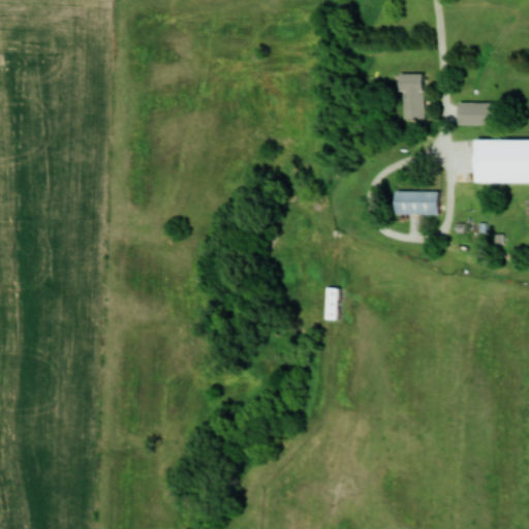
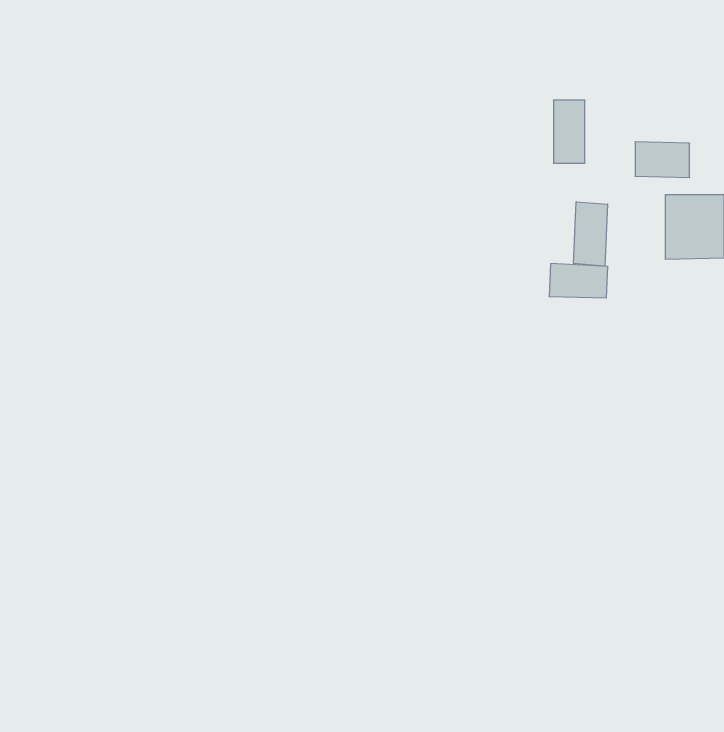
building: none -> [574,202,608,266]
building: [323,287,339,320] -> none

